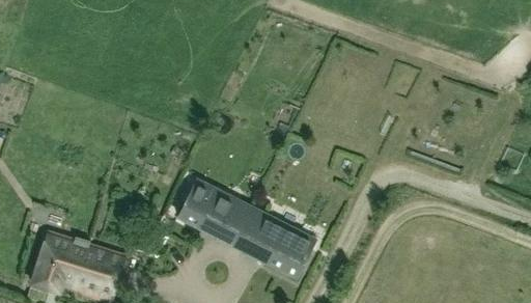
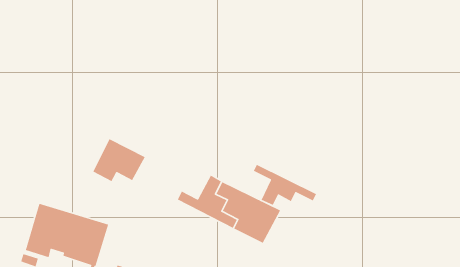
building: [178,180,237,228] -> [92,138,146,182]
building: none -> [253,164,317,206]

